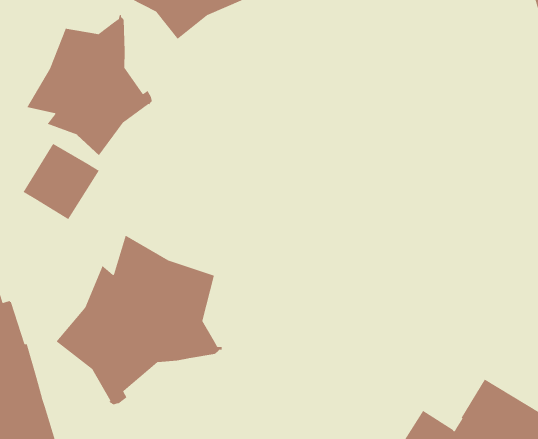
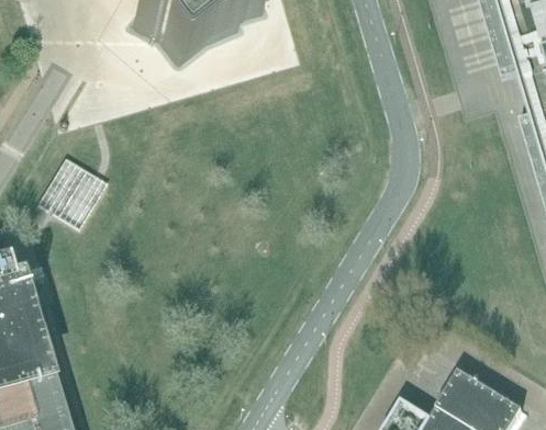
building: [26,14,152,156] -> none
building: [55,234,223,405] -> none

